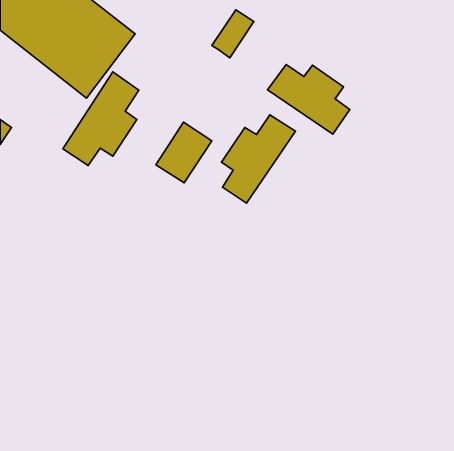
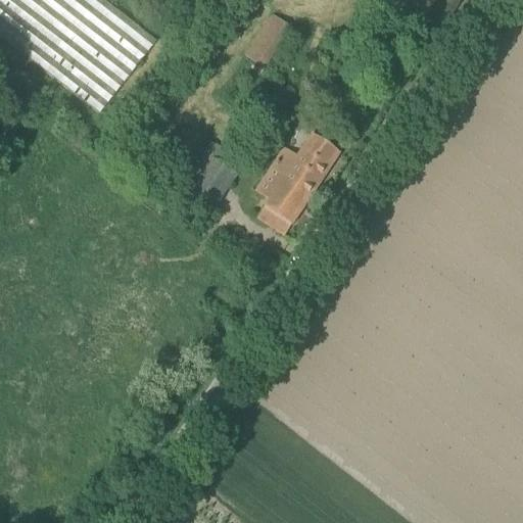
building: [268,64,350,134] -> none
building: [63,72,139,165] -> none

